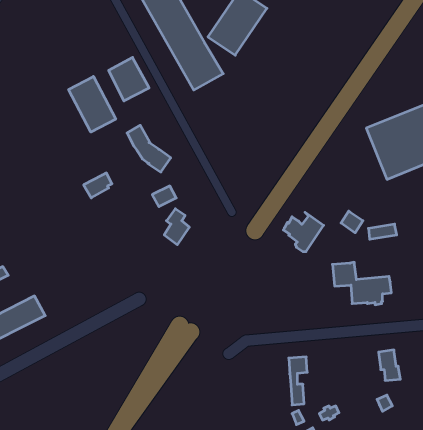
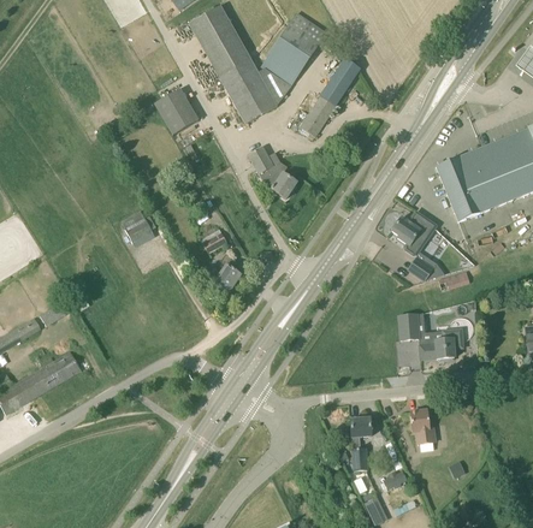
building: none -> [298,58,360,136]
building: [69,76,116,132] -> none
building: [127,125,171,172] -> [248,146,296,197]
building: [283,212,324,252] -> [391,210,436,254]
building: [379,350,400,380] -> [410,409,434,443]

